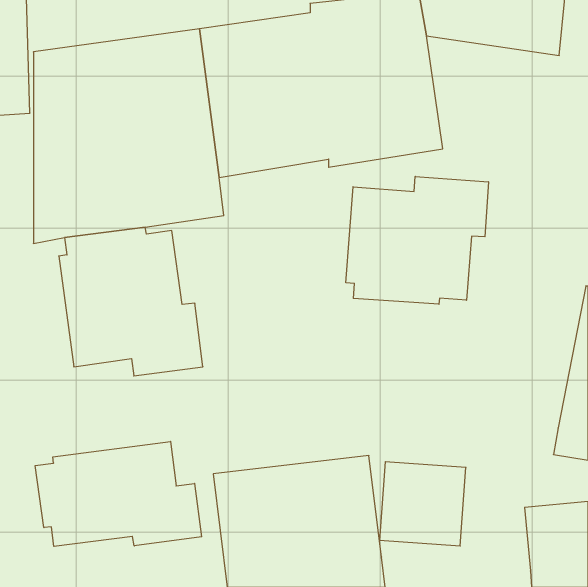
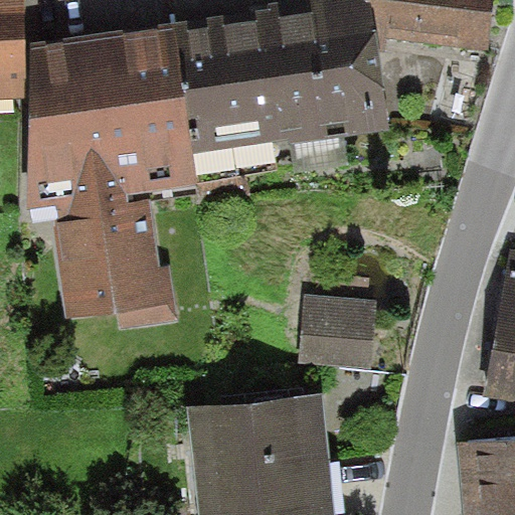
building: [346,176,488,304] -> none
building: [35,441,202,546] -> none
building: [380,462,466,546] -> [300,295,375,368]

